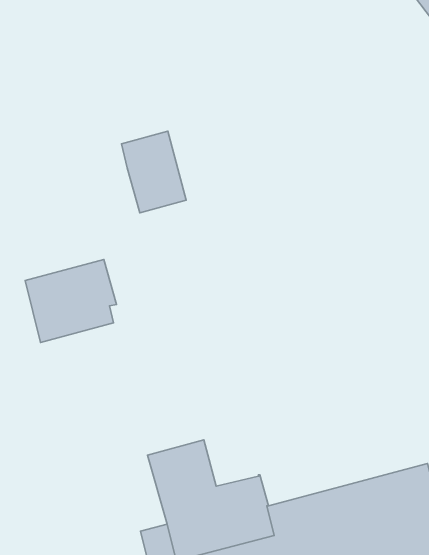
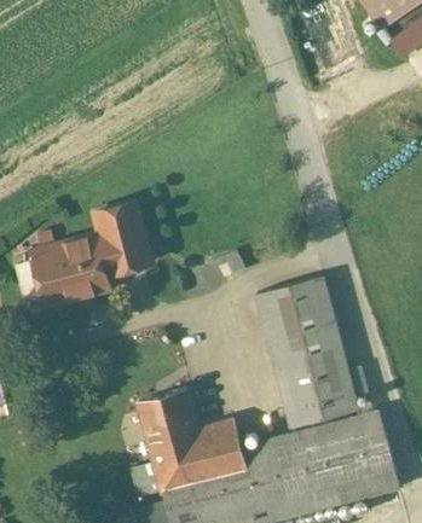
building: [121,131,186,213] -> [96,203,151,273]
building: none -> [256,277,358,425]

